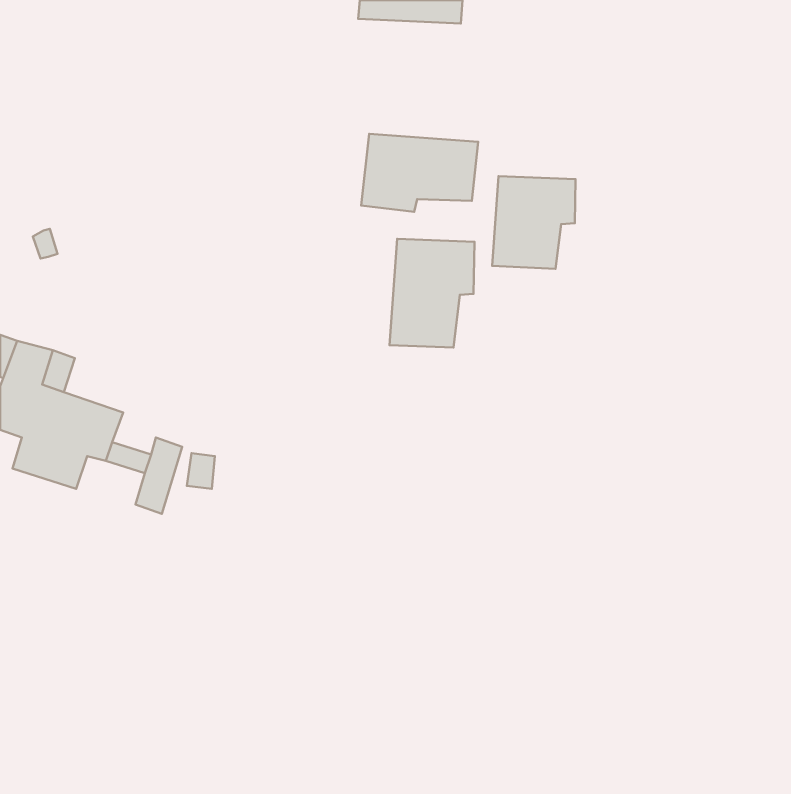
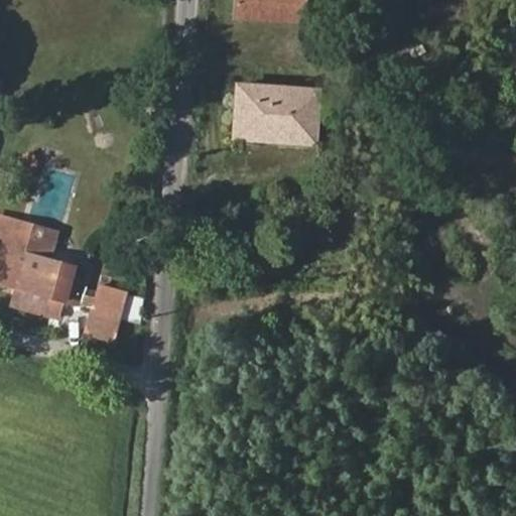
building: [492,176,575,269] -> none
building: [389,239,475,348] -> none

